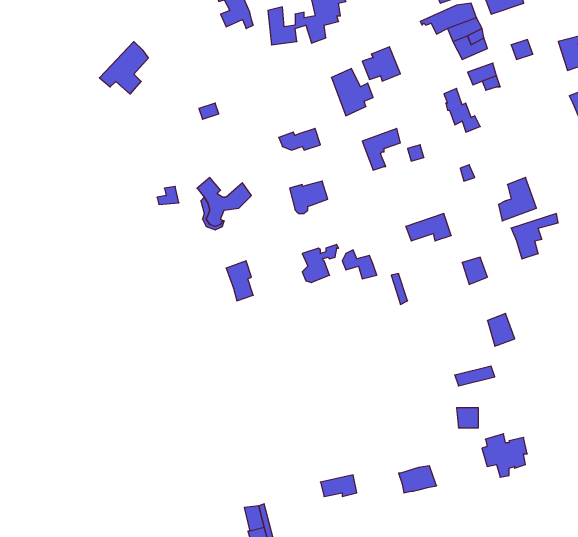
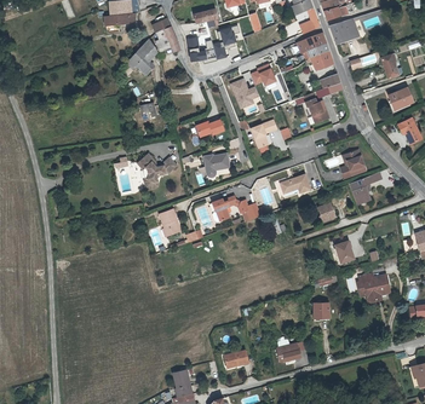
building: [99,42,148,94] -> [125,40,157,75]
building: [482,434,527,477] -> [357,273,387,302]

